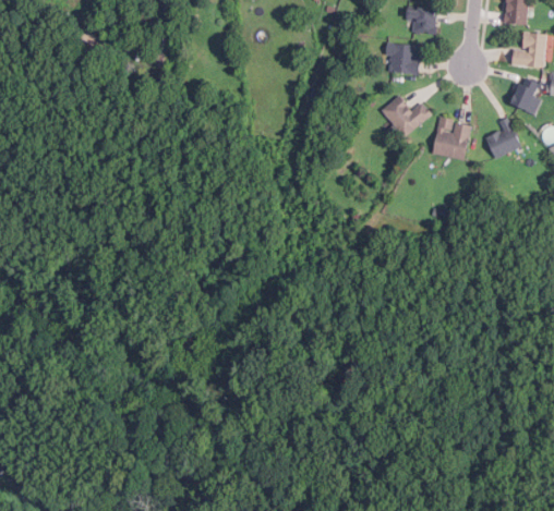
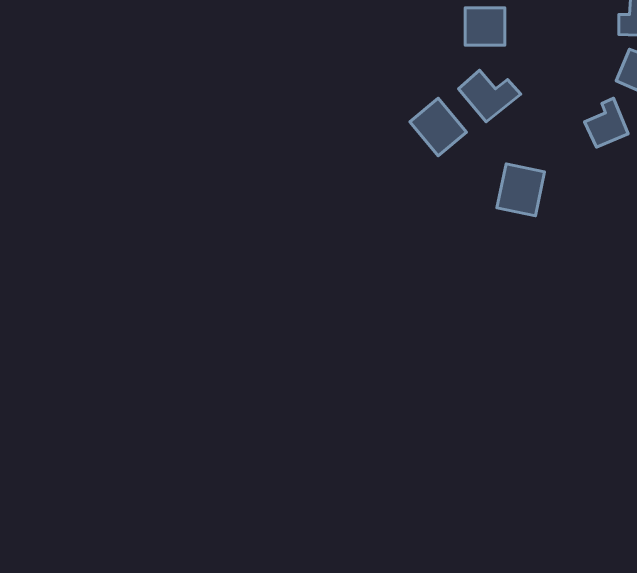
building: none -> [410,98,467,156]
building: [432,118,471,160] -> [497,164,545,216]

